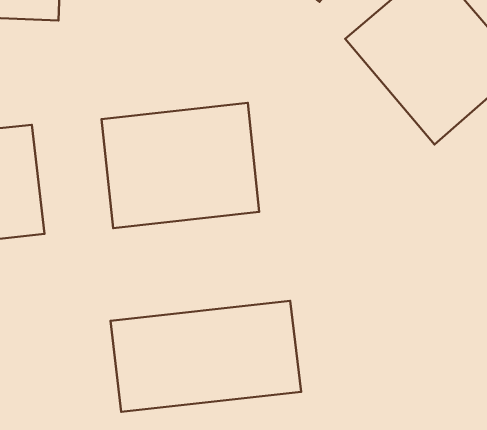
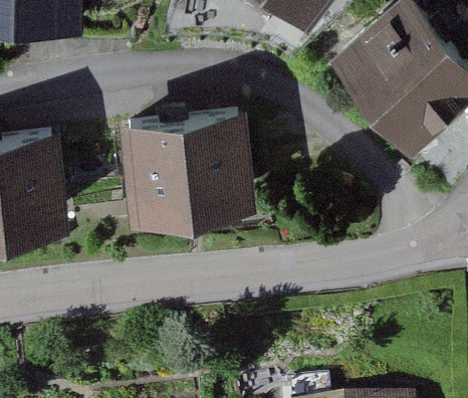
building: [111,301,301,412] -> none

